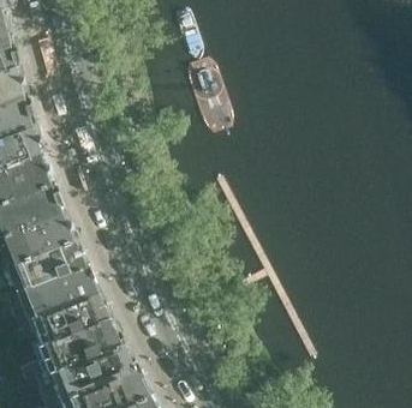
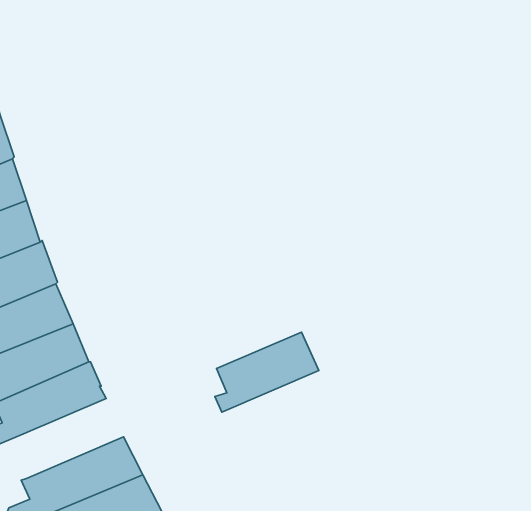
building: [37,290,109,346] -> [215,332,319,412]

